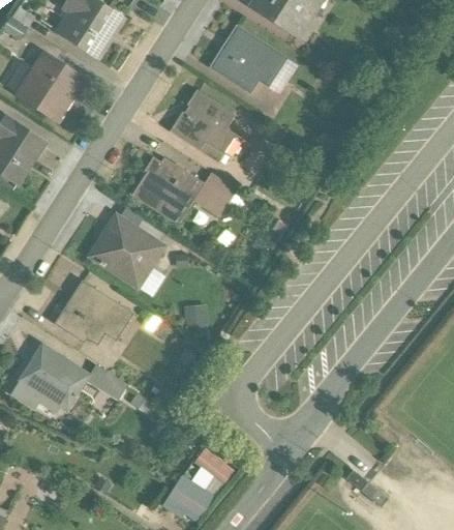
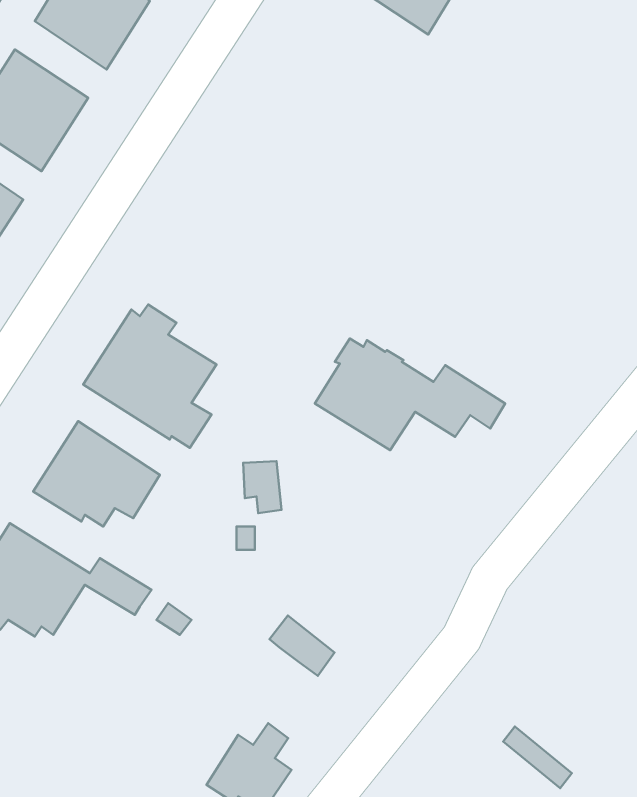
building: [208,25,297,93] -> none
building: [169,89,235,161] -> none
building: [130,155,248,225] -> [315,338,505,450]
building: [193,447,234,484] -> [269,616,334,676]

